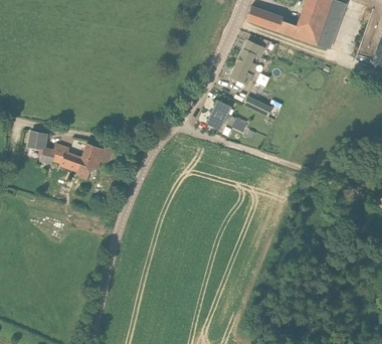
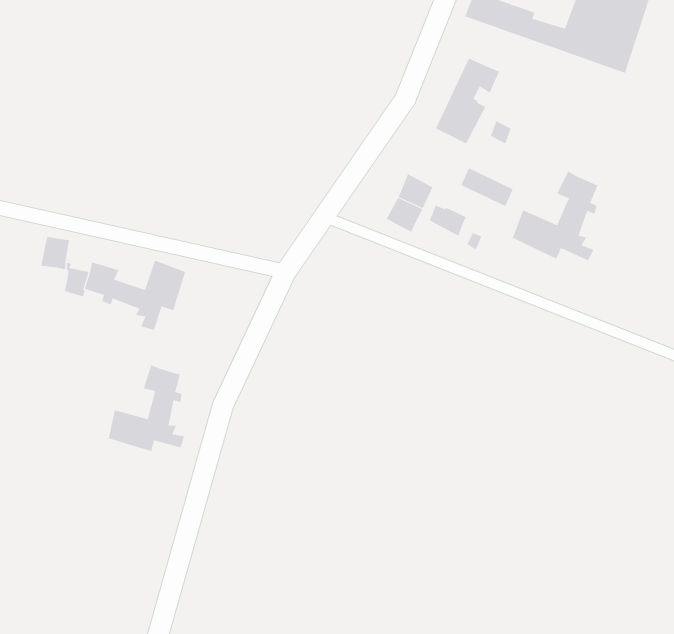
building: none -> [512,170,599,261]
building: none -> [108,365,185,452]

